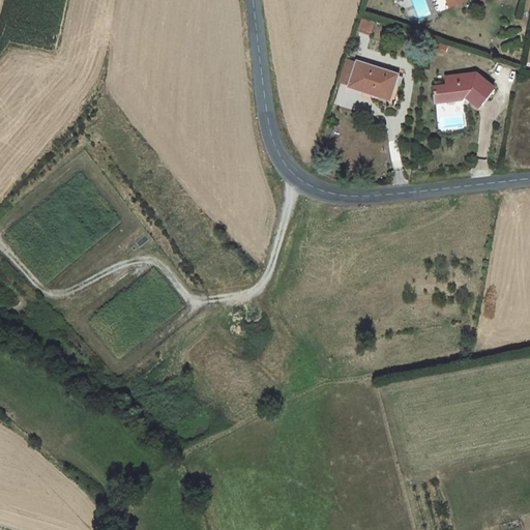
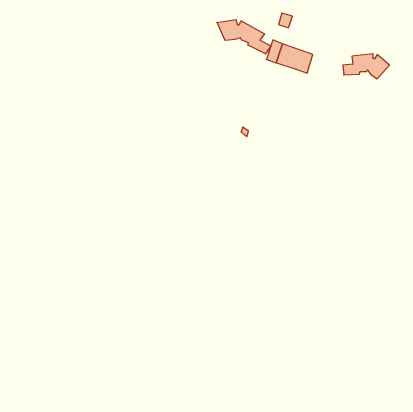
building: none -> [217,20,271,54]

